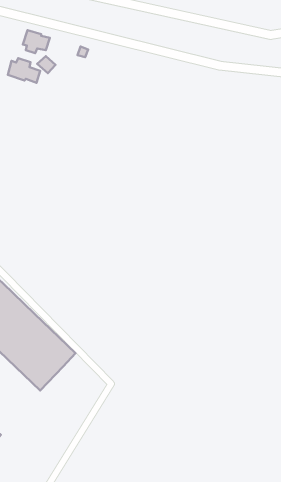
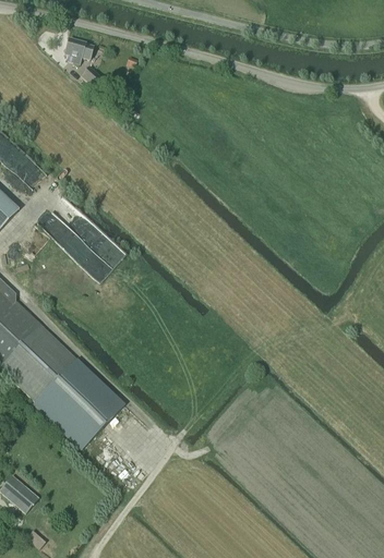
building: [8,58,40,83] -> none

